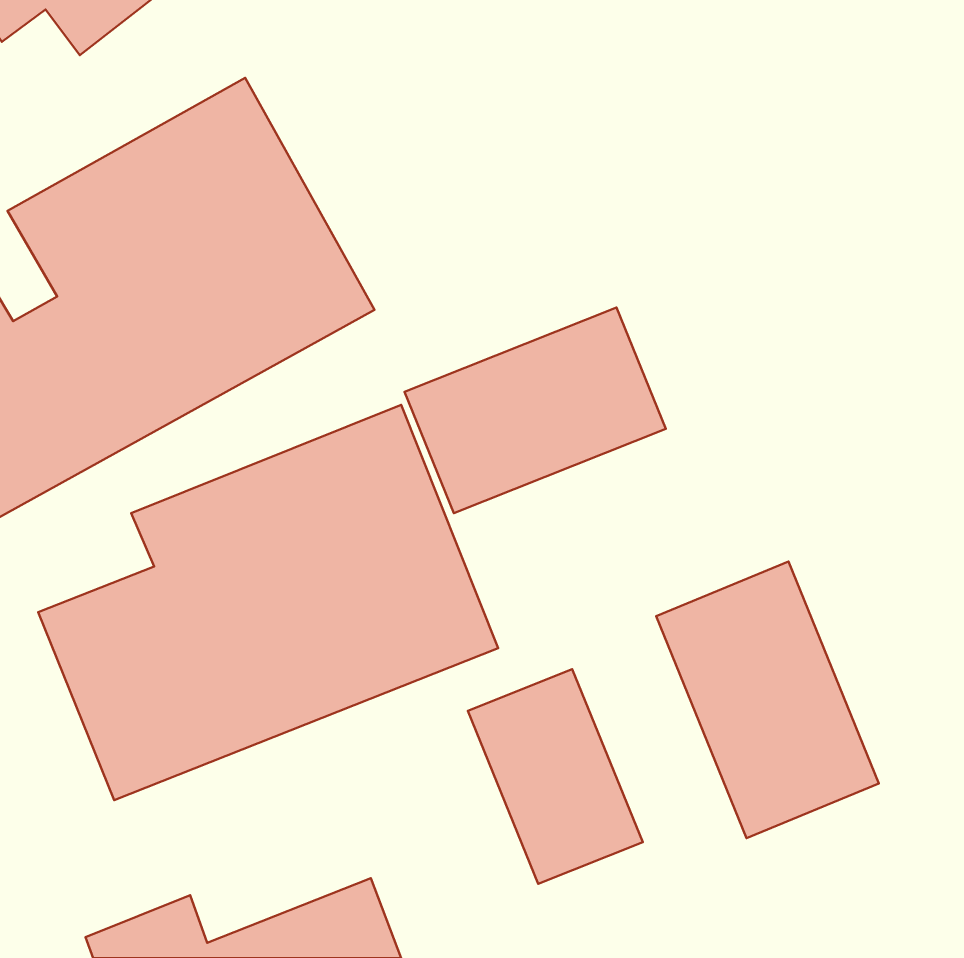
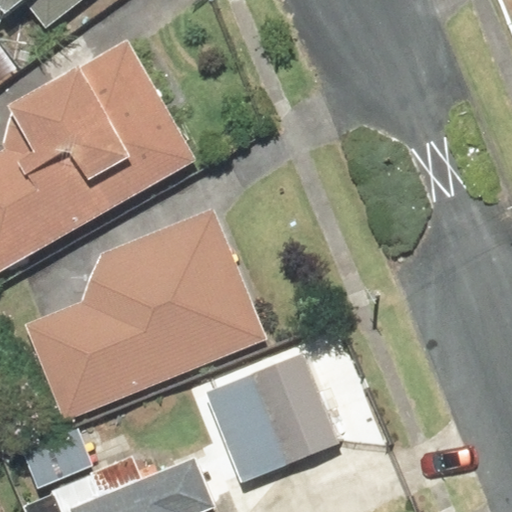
building: [405,307,666,513] -> none
building: [656,562,879,838] -> none

